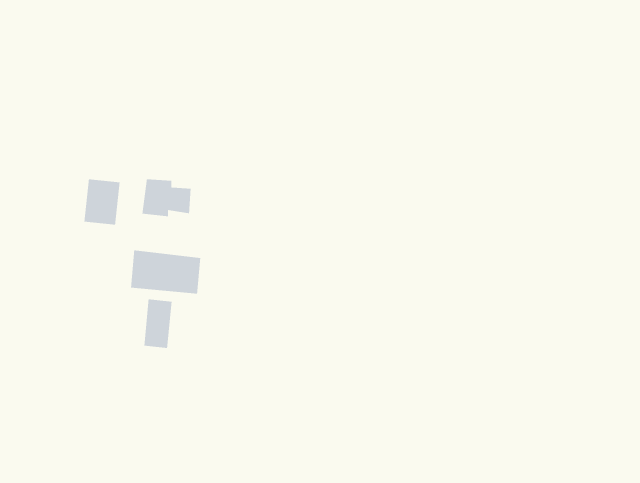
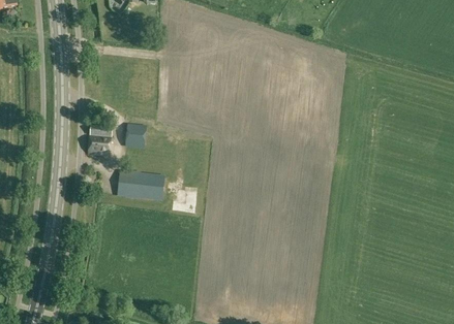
building: [143,299,172,349] -> none

